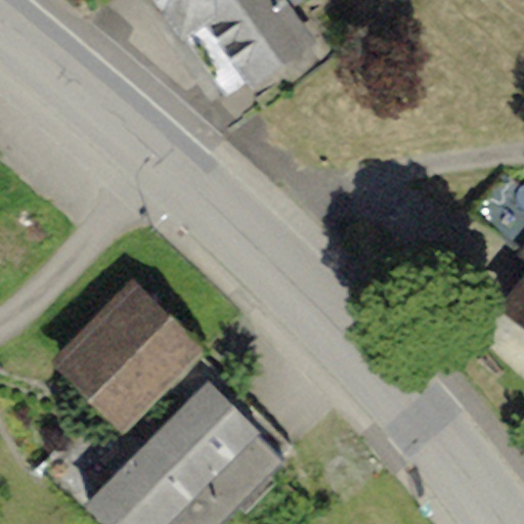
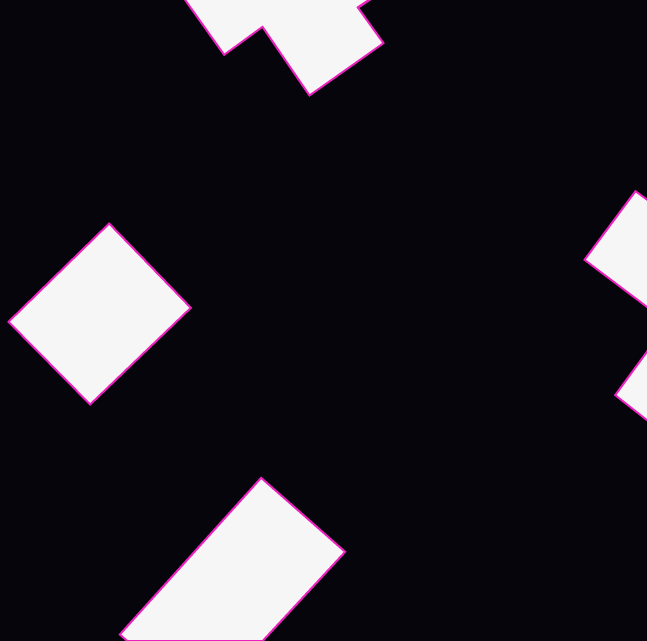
building: [54,283,201,429] -> [9,224,191,405]

